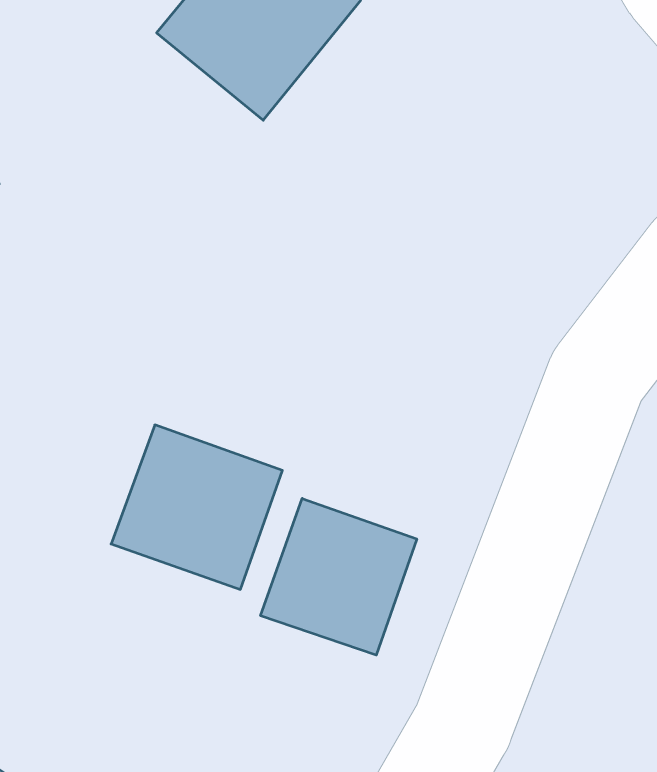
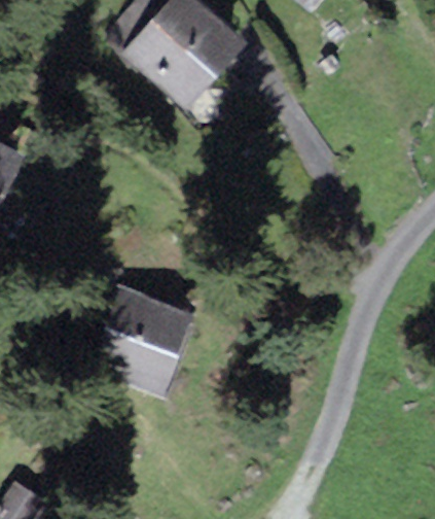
building: [261,498,417,655] -> none

